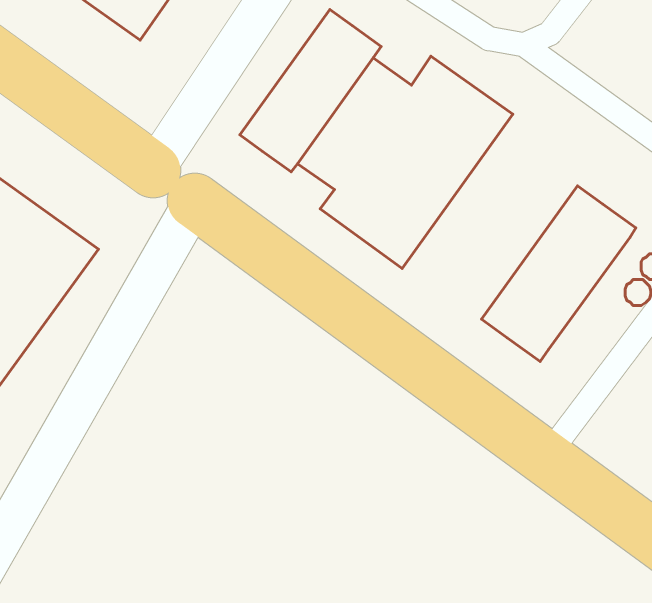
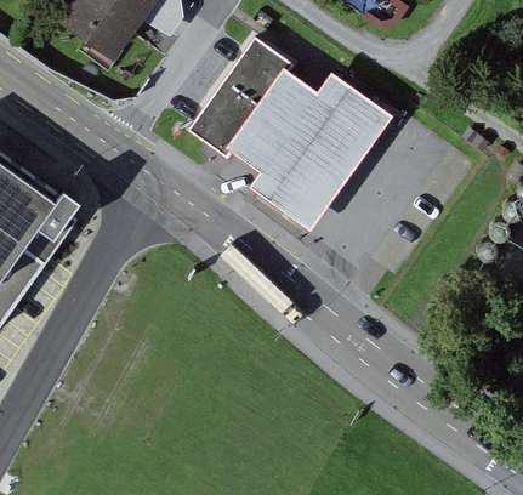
building: [482,186,636,361] -> none

